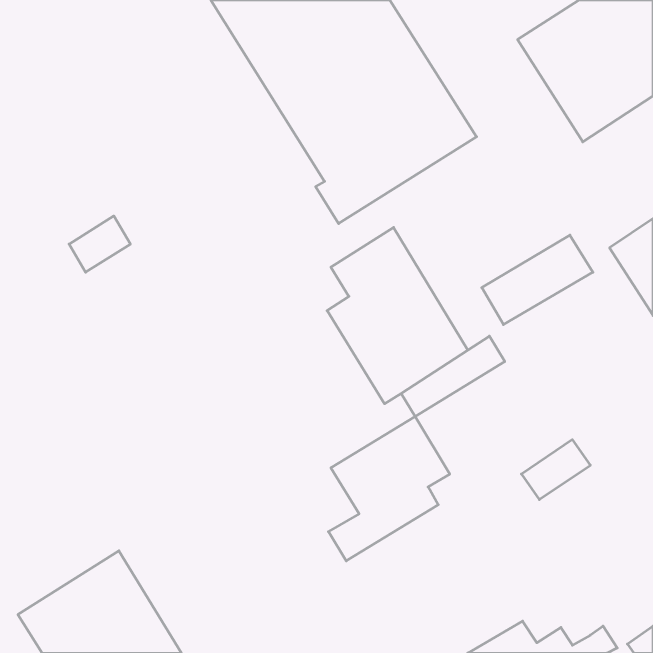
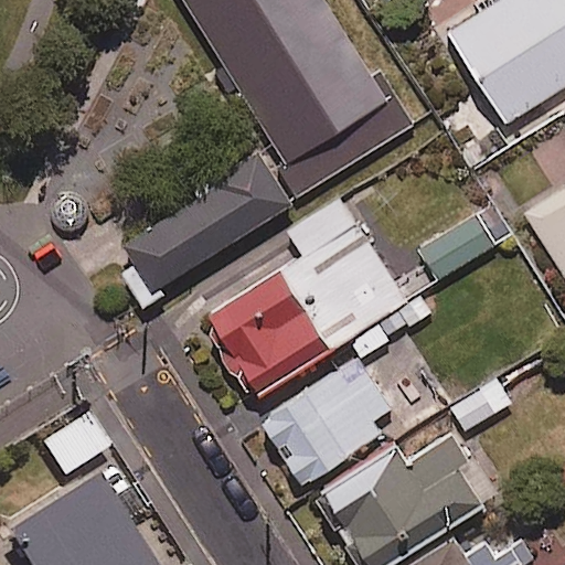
building: none -> [117,142,285,281]
building: none -> [198,268,332,401]
building: none -> [318,436,492,558]

